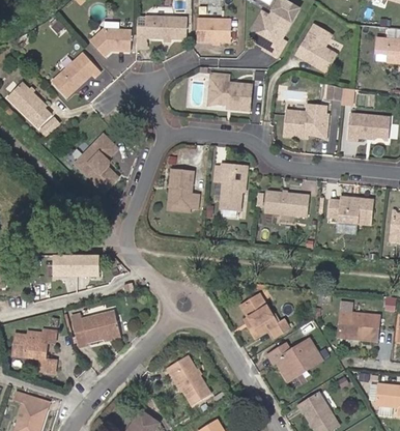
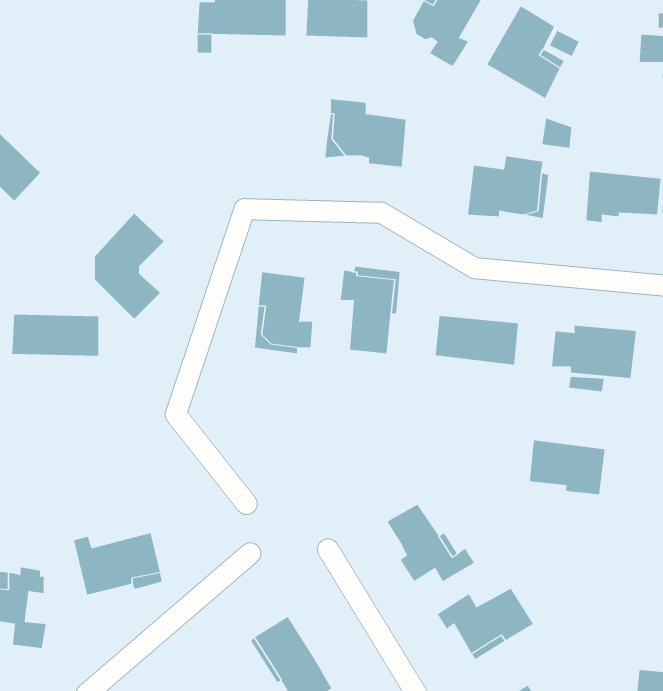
building: [90,30,131,58] -> none
building: [52,54,101,98] -> none
building: [53,254,101,277] -> [12,314,99,356]
building: [337,311,378,341] -> [529,440,605,495]

